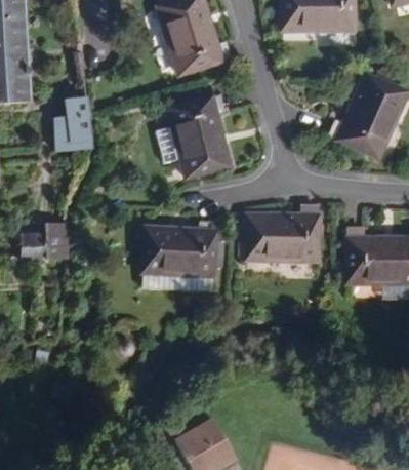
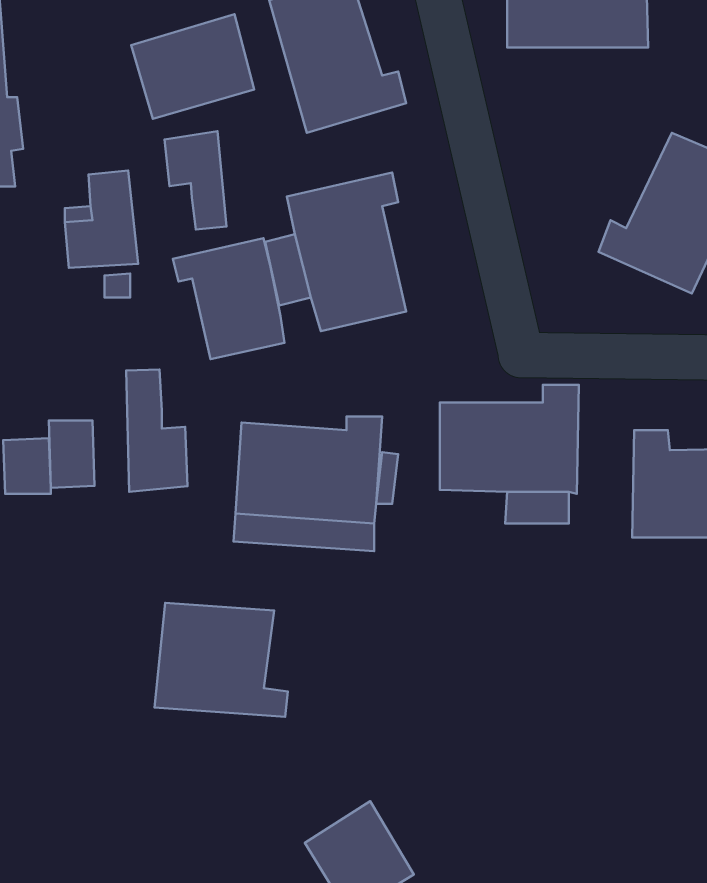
building: none -> [131,14,254,119]
building: none -> [165,131,226,230]
building: none -> [173,238,285,359]
building: none -> [126,369,188,492]
building: none -> [155,603,288,717]

